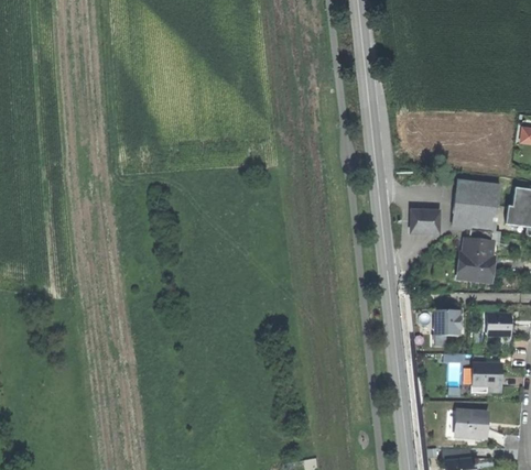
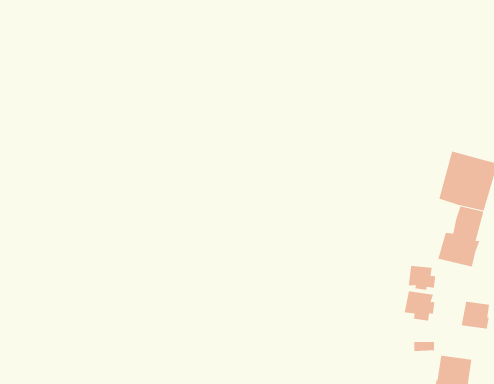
building: [411,209,442,236] -> none
building: none -> [408,265,436,291]

